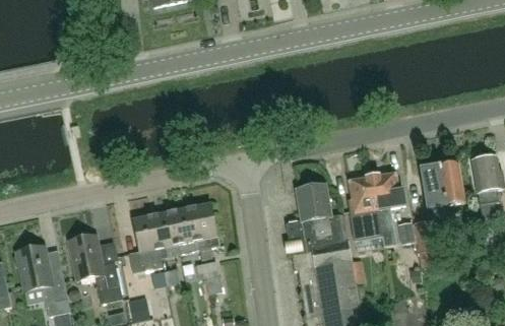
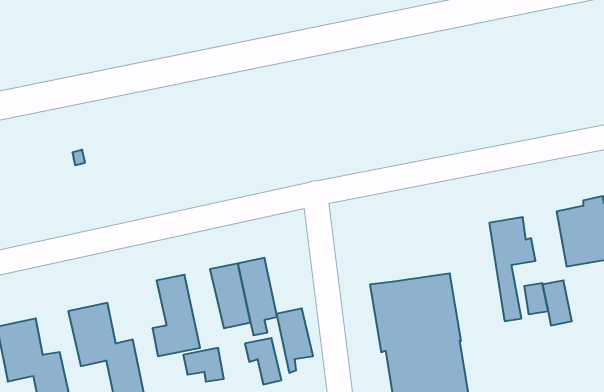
building: [349,176,377,239] -> none
building: [297,183,330,218] -> none
building: [151,209,178,256] -> [277,308,313,373]

